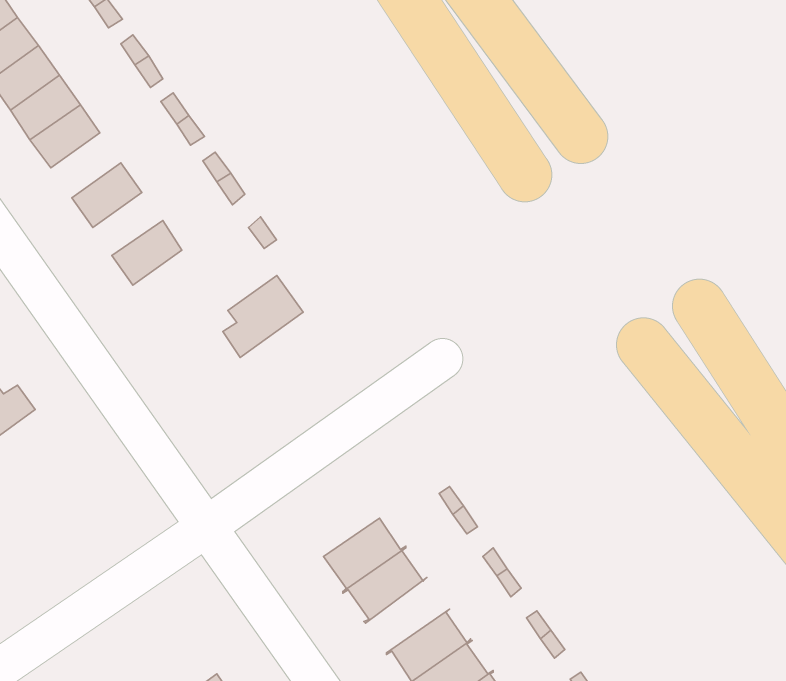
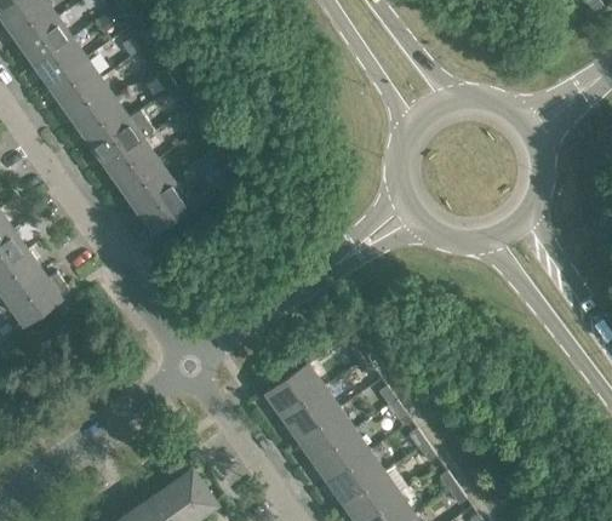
building: none -> [79,99,127,144]
building: none -> [108,141,156,184]
building: [223,275,303,358] -> [132,181,188,237]
building: none -> [297,407,355,459]

